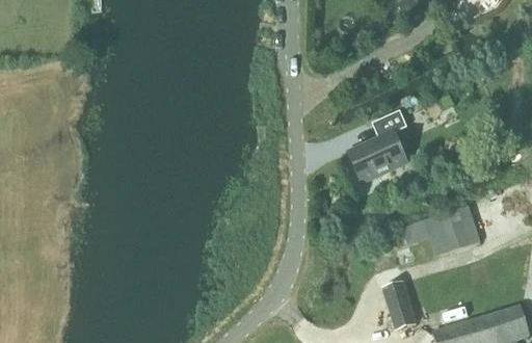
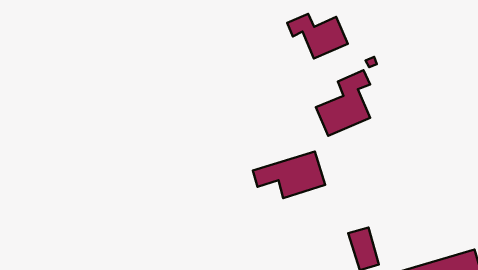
building: none -> [287,14,348,58]
building: [401,205,480,256] -> [253,151,325,198]

